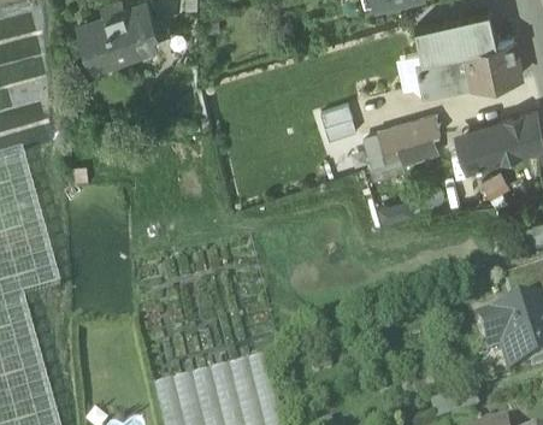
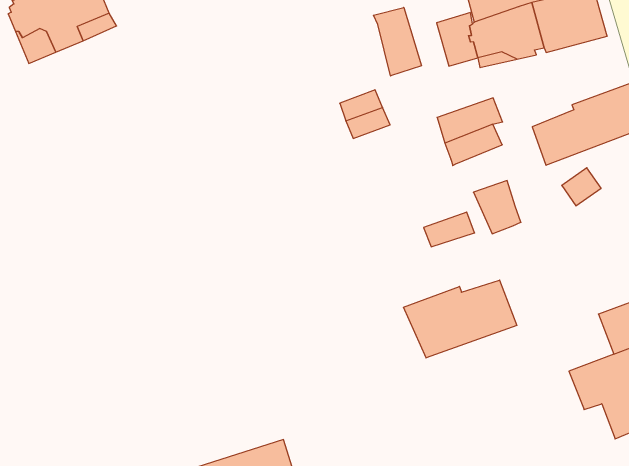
building: none -> [373,7,422,76]
building: [366,129,400,167] -> [473,181,521,234]
building: none -> [404,280,517,358]

